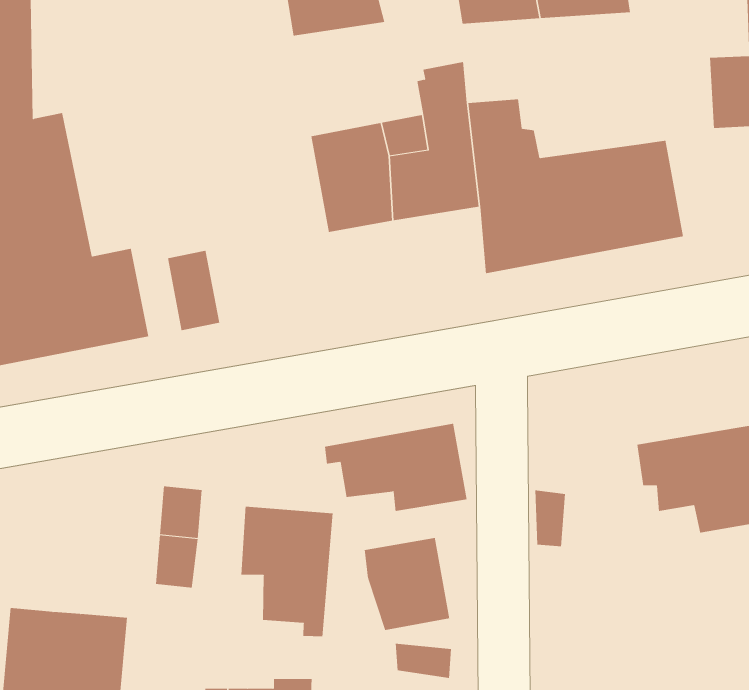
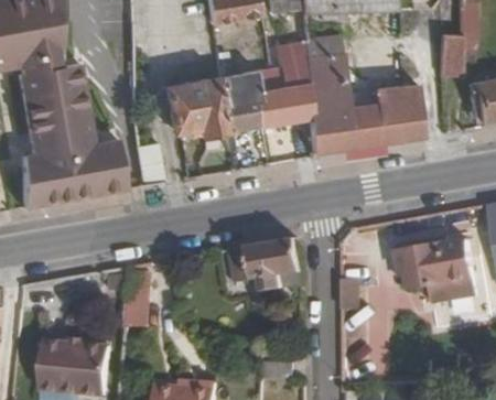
building: none -> [163,77,225,137]
building: [241,506,333,637] -> none
building: [364,537,450,631] -> none

